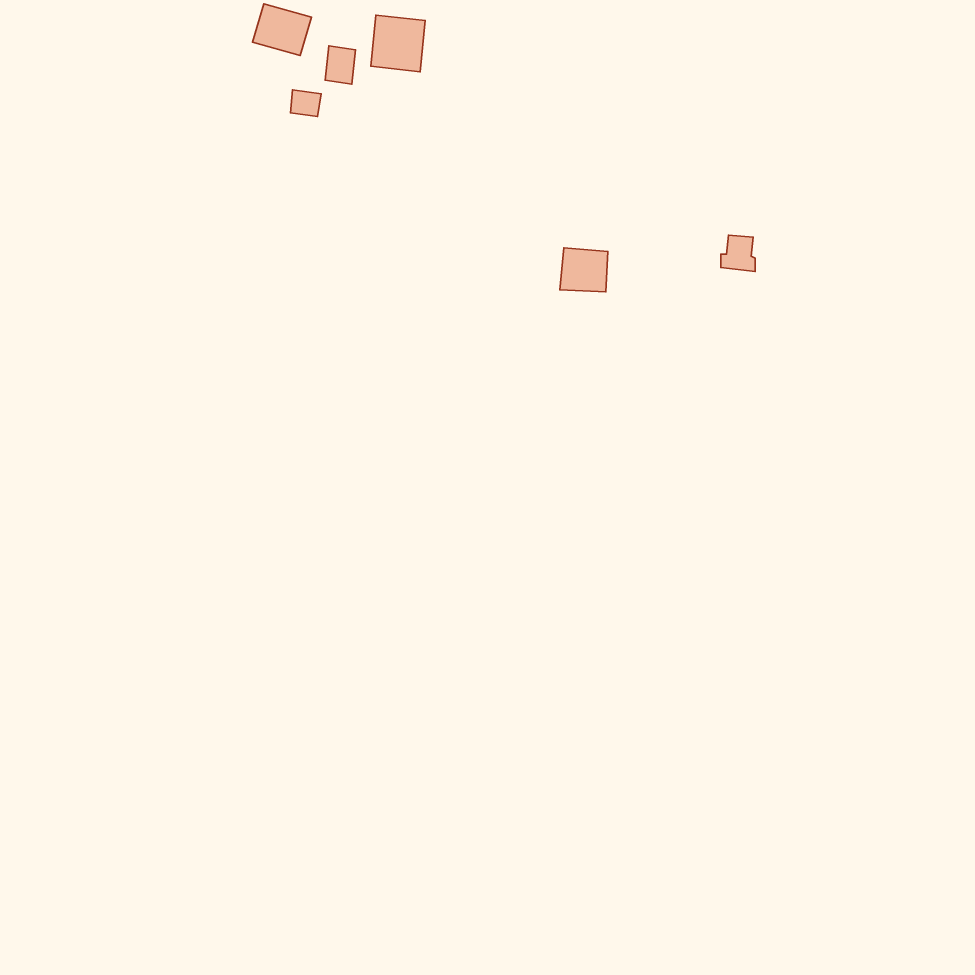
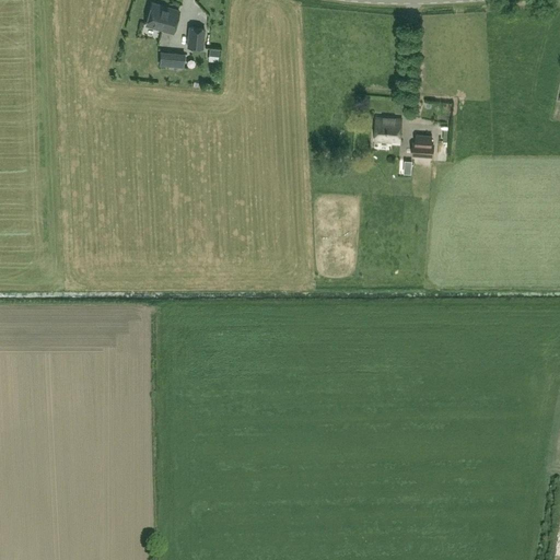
building: [371,15,425,72] -> none
building: [560,248,608,292] -> [374,118,401,143]

